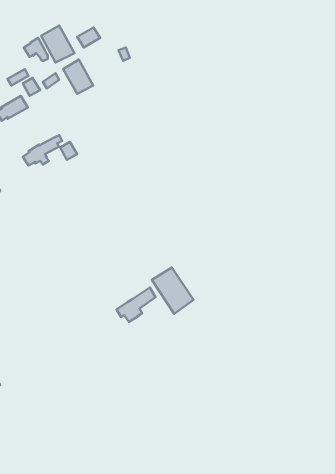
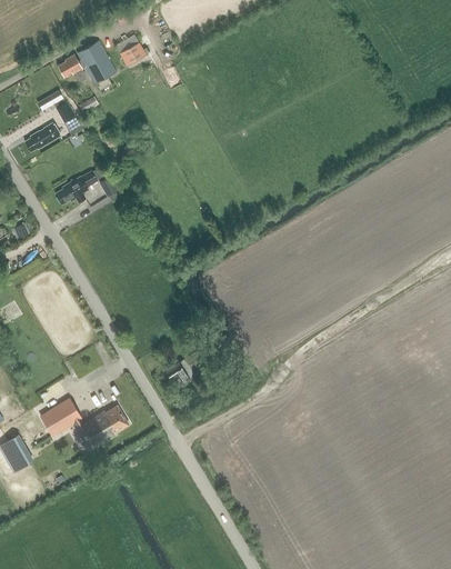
building: [63,60,93,94] -> none
building: [152,268,193,314] -> none
building: none -> [41,399,128,449]

